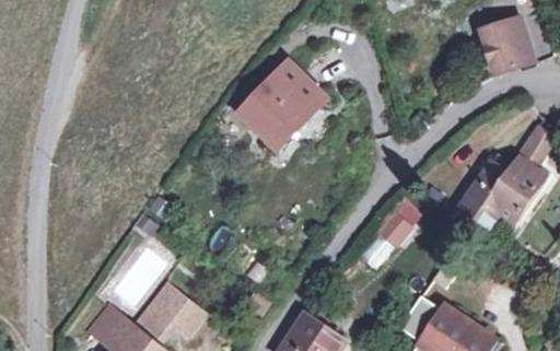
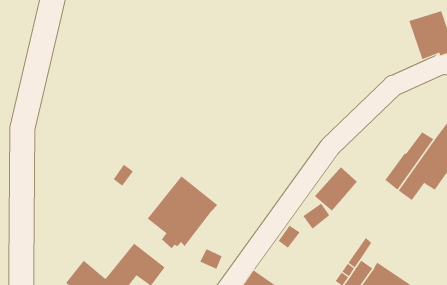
building: [238,61,318,147] -> none
building: none -> [147,175,218,249]

